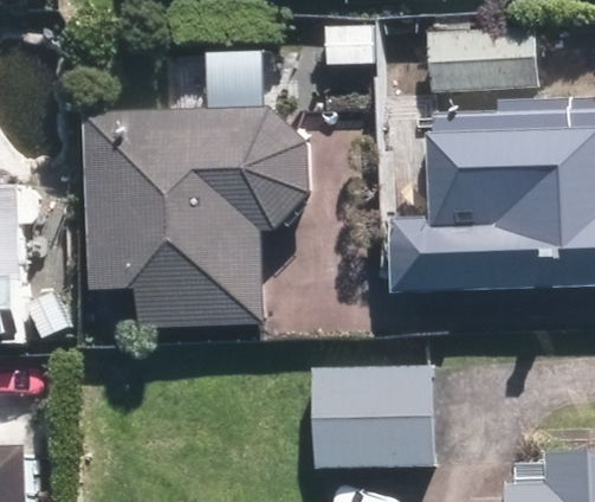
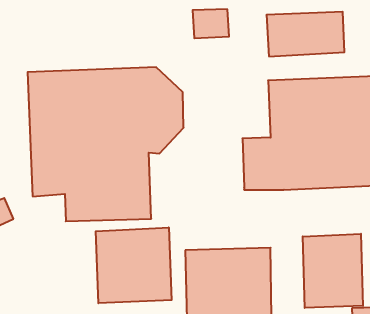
building: none -> [96,227,172,303]
building: none -> [303,234,363,308]

